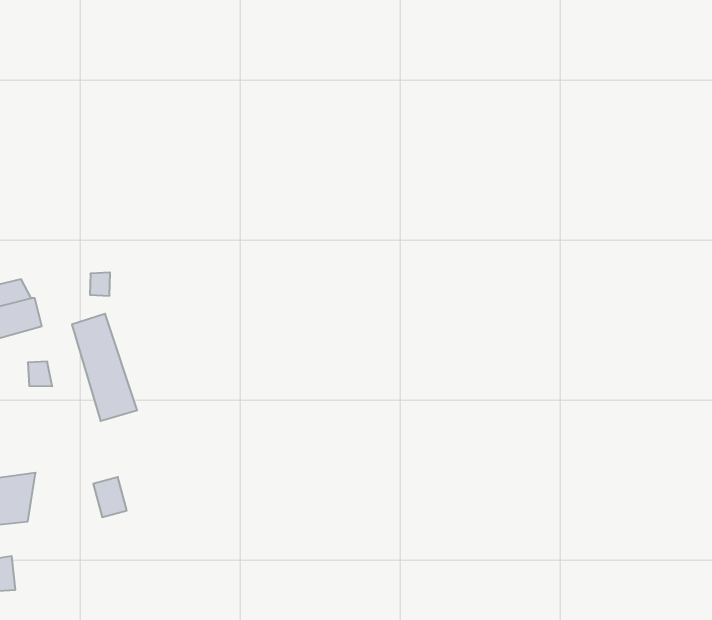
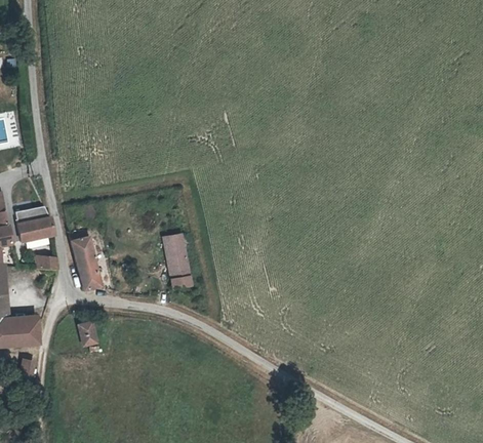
building: none -> [166,234,193,288]

